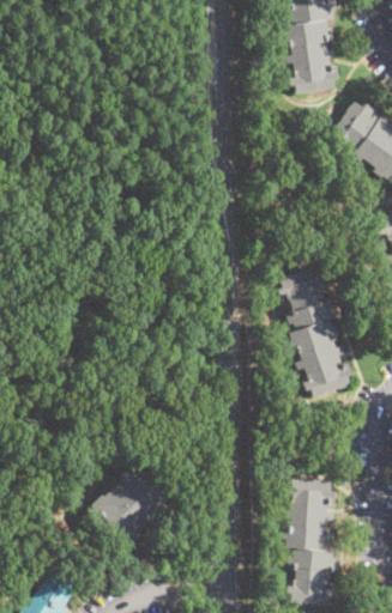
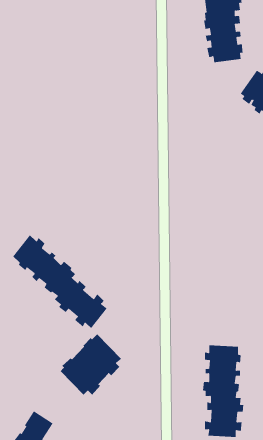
building: [276,267,352,397] -> none
building: none -> [12,234,107,329]

